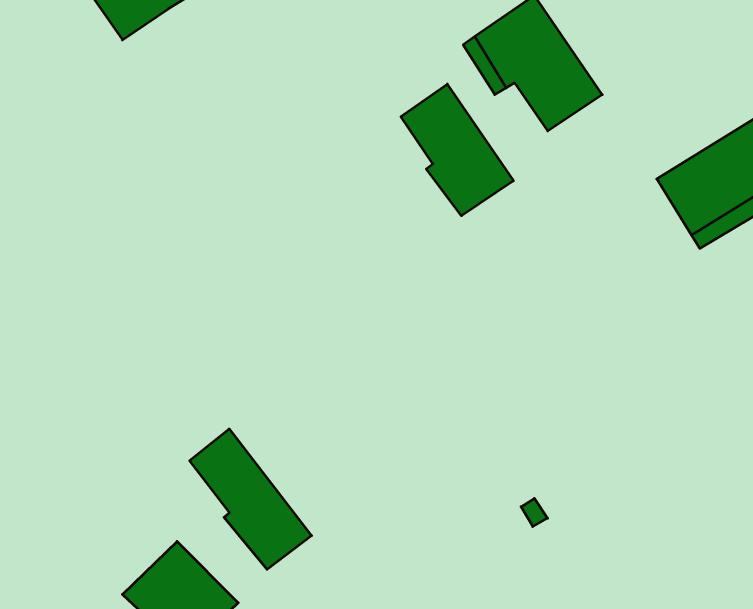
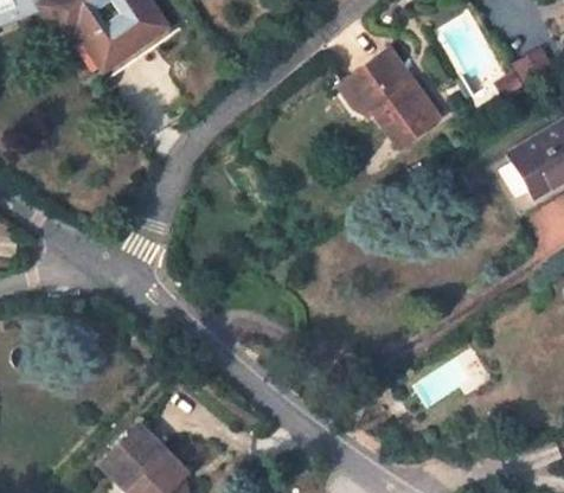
building: [401,84,513,216] -> none
building: [190,429,312,569] -> none

